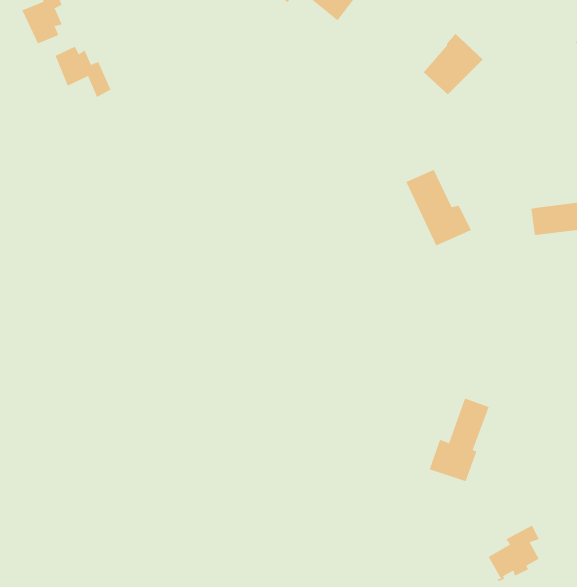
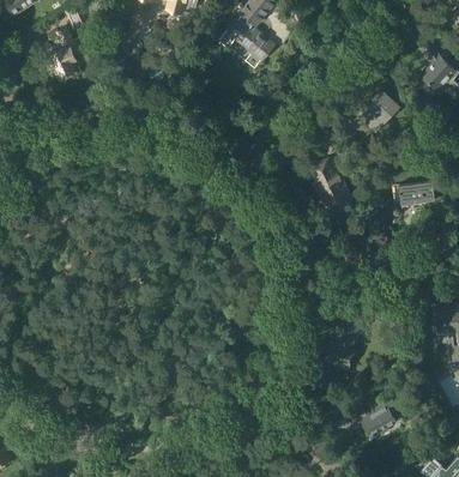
building: [423,33,484,95] -> [360,90,400,132]
building: [55,46,111,98] -> none

